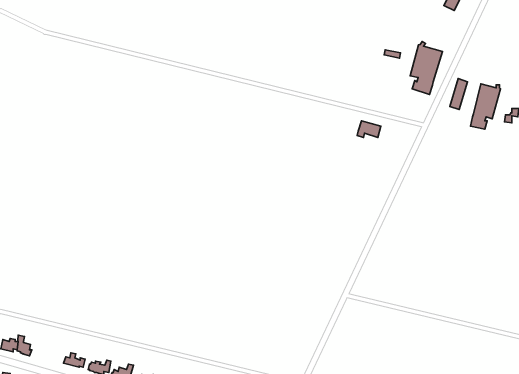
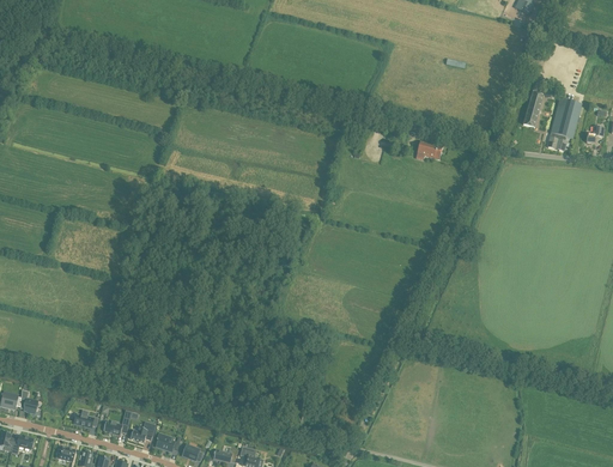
building: [410,42,443,95] -> none

